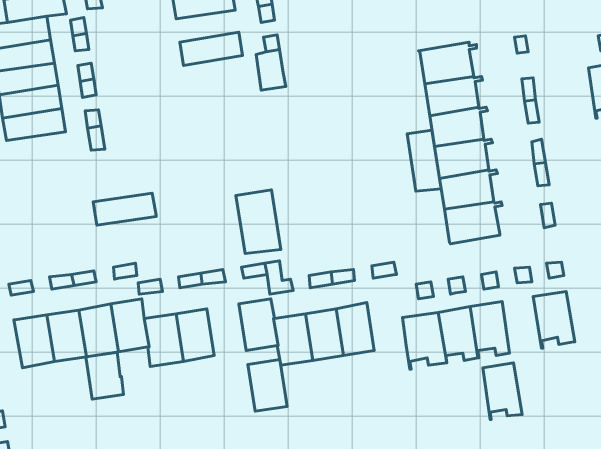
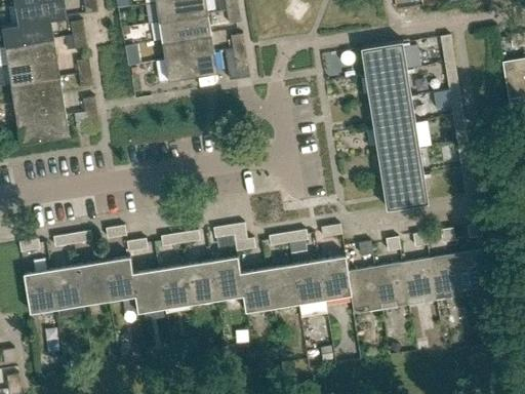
building: none -> [158,15,210,42]
building: none -> [164,53,216,81]
building: [407,130,441,191] -> none
building: [236,190,281,254] -> none
building: [93,193,156,225] -> [16,117,69,144]
building: none -> [317,255,350,300]
building: [86,352,124,399] -> none
building: [248,360,287,411] -> [184,261,216,304]
building: [483,363,522,419] -> [430,254,462,302]

